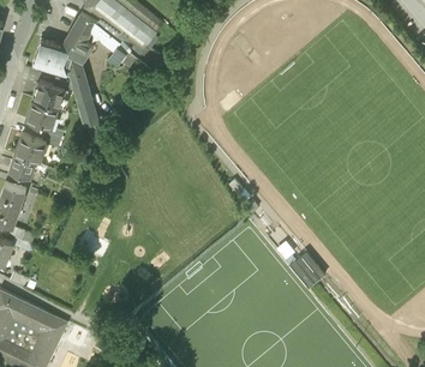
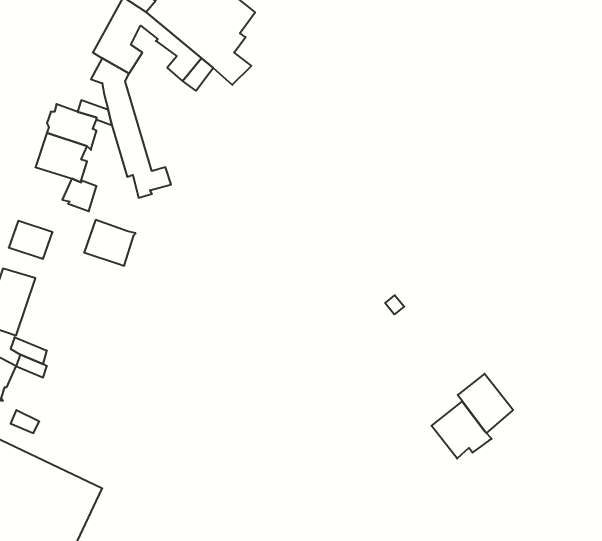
building: [34,42,70,76] -> none
building: [16,134,48,163] -> [84,220,136,266]
building: none -> [431,402,492,459]

